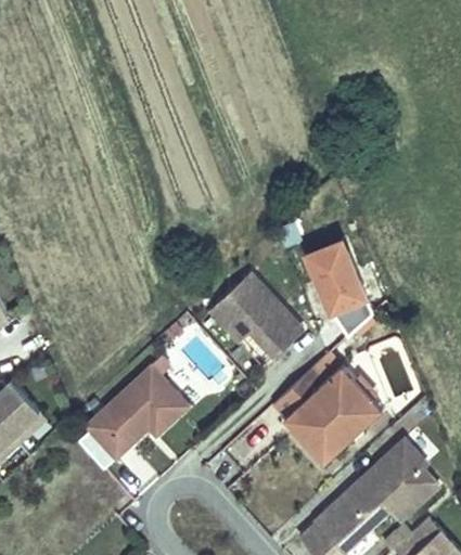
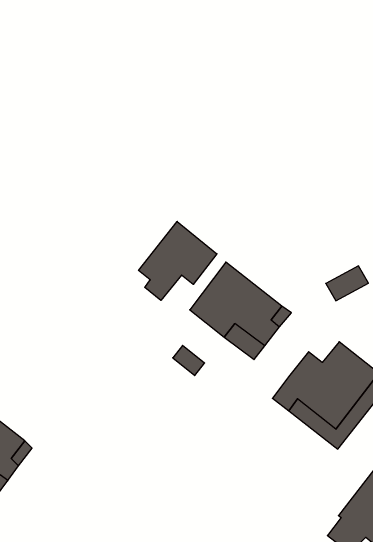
building: [303,230,371,312] -> none
building: none -> [139,221,217,300]
building: [82,367,185,460] -> none

